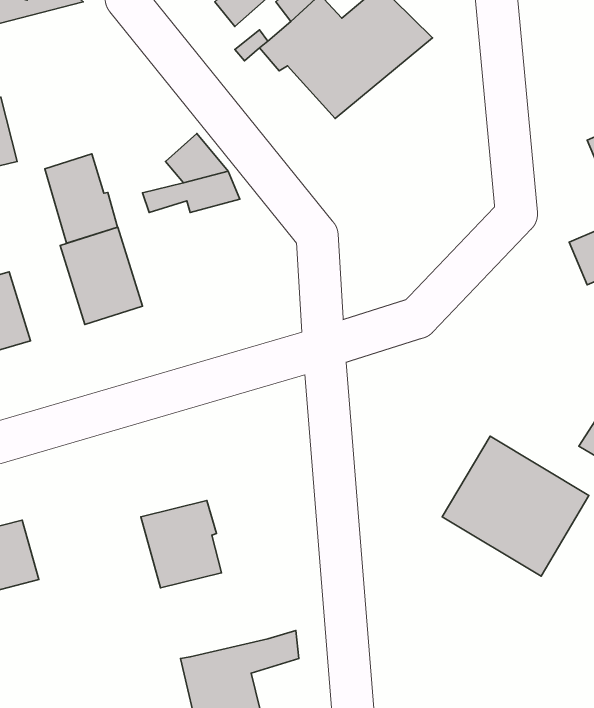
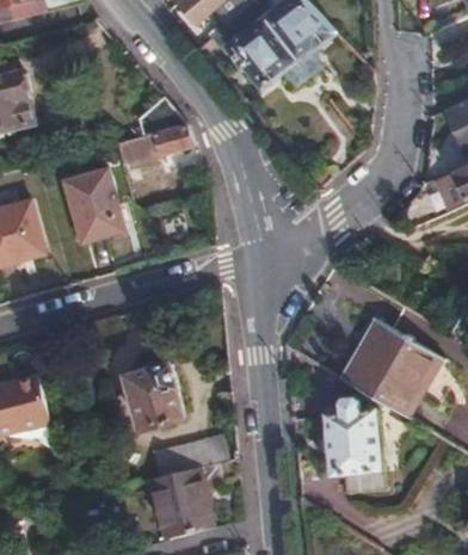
building: [45,154,118,243] -> none
building: none -> [326,391,380,488]
building: none -> [152,439,214,479]

